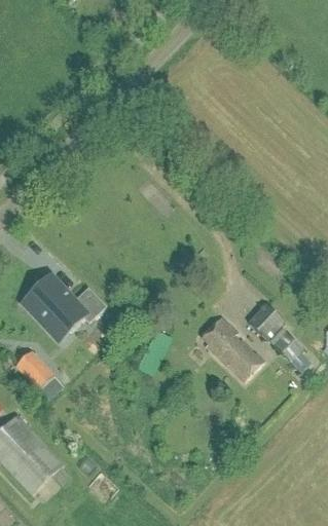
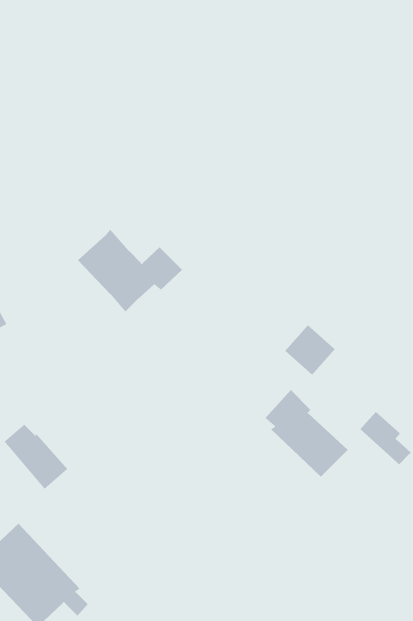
building: [26,275,105,338] -> [77,229,183,313]
building: [248,303,286,341] -> [285,325,335,375]

